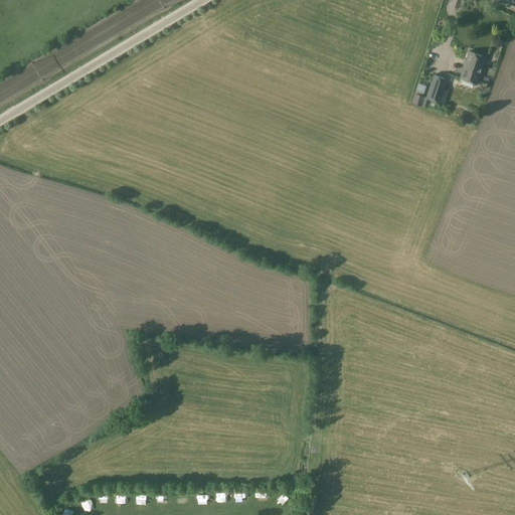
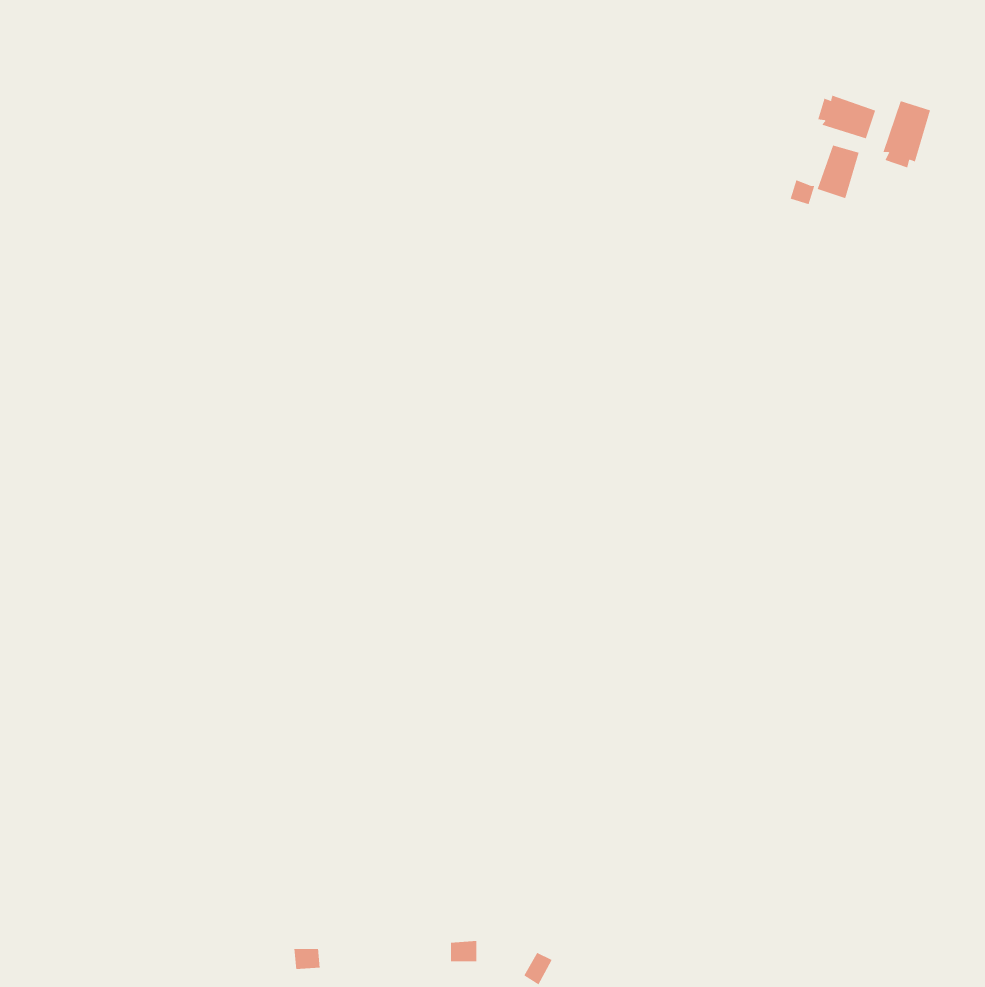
building: none -> [817,95,876,139]

